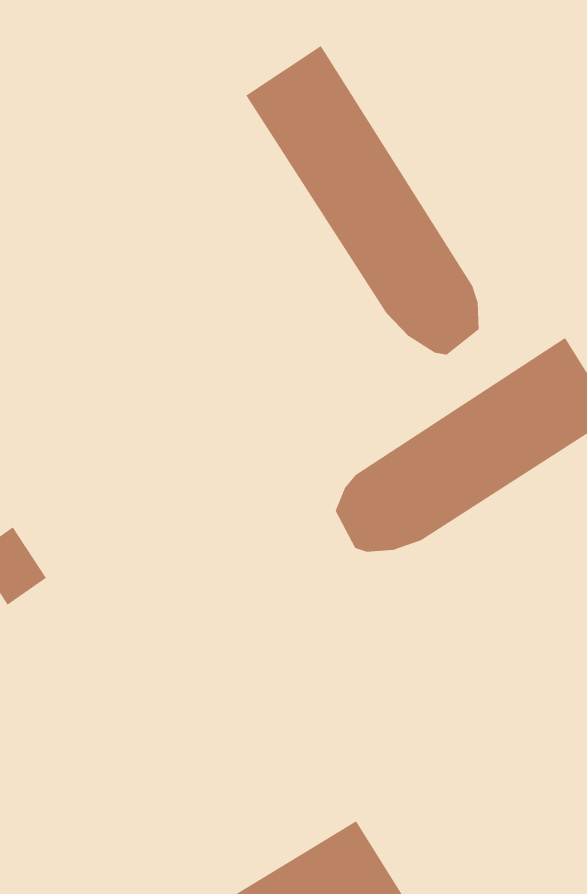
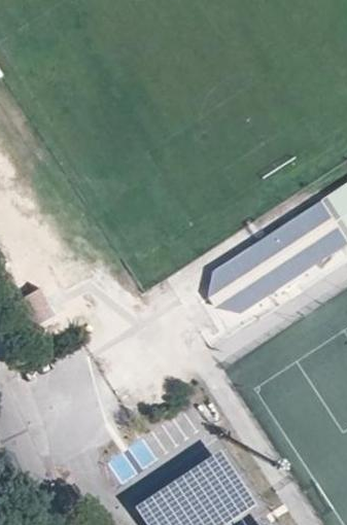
building: [246,45,479,355] -> none

